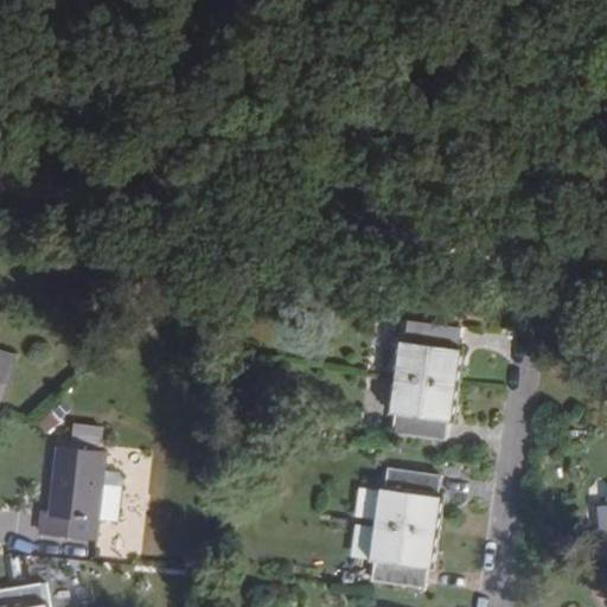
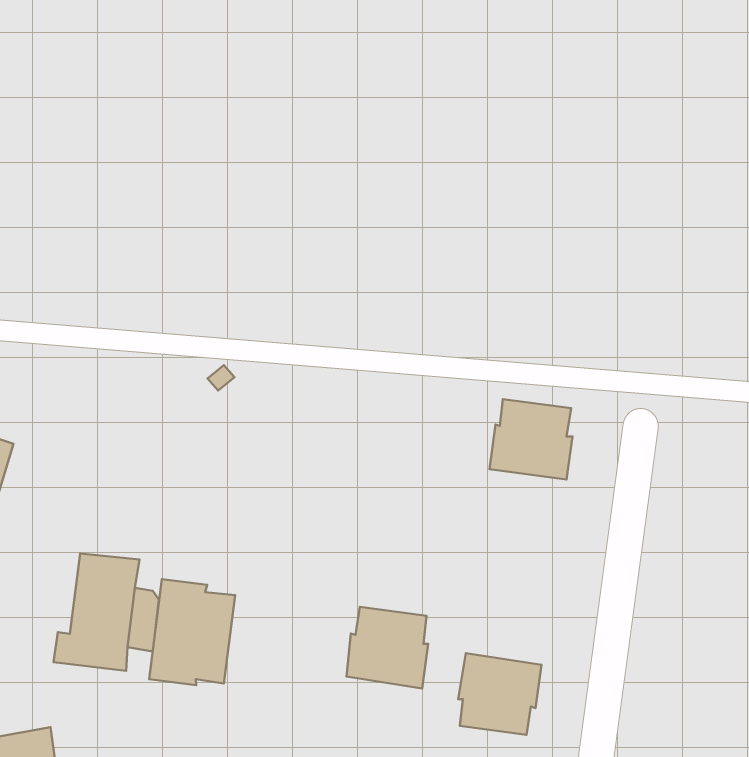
building: [386,376,453,440] -> none
building: none -> [149,579,235,685]
building: [372,467,437,532] -> [347,607,428,688]

